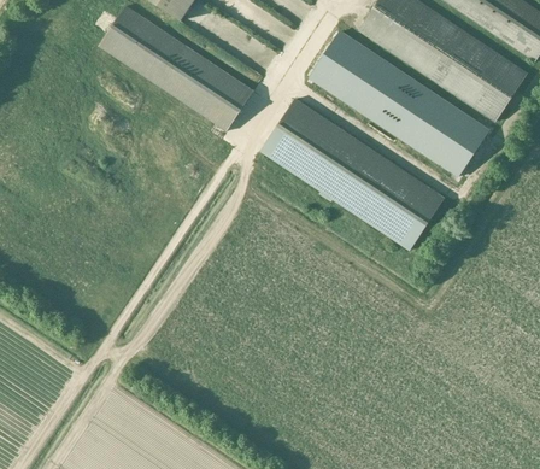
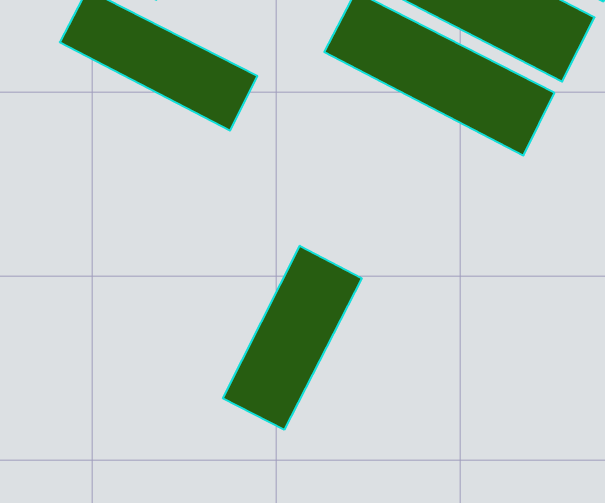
building: [260,98,444,248] -> none
building: none -> [223,246,362,430]

